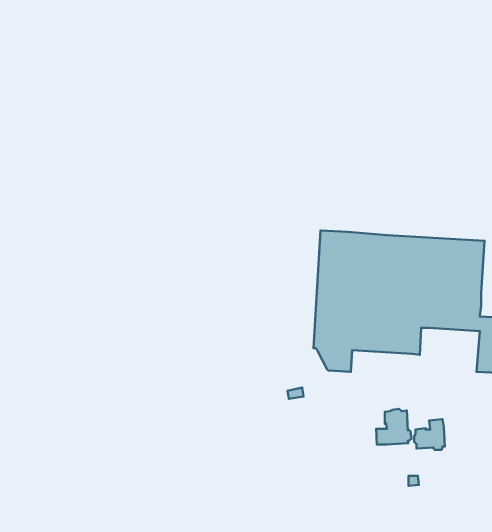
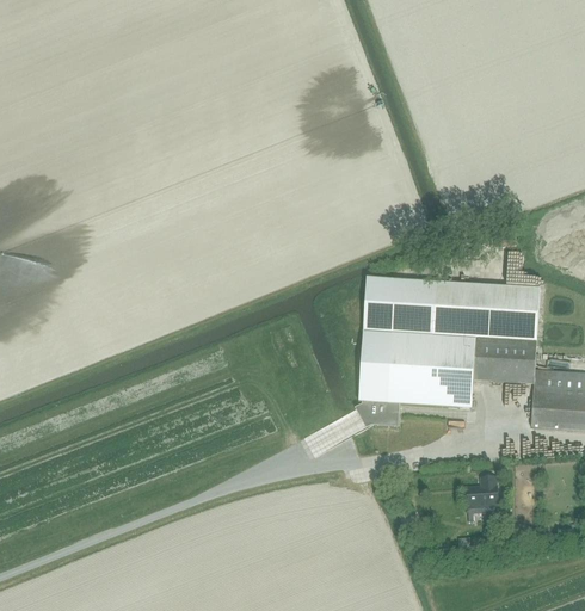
building: [376,409,412,445] -> none

